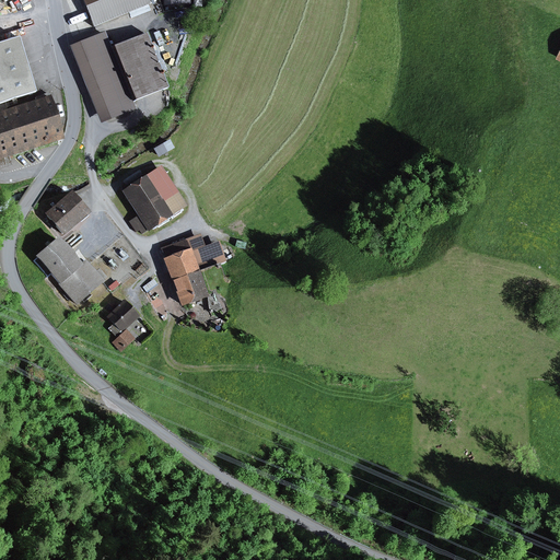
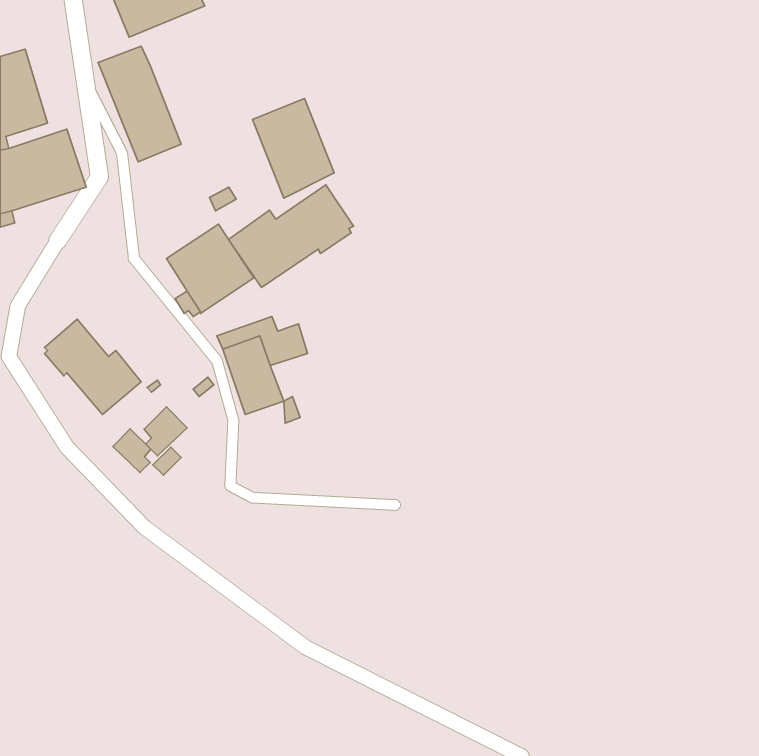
building: [110,33,171,106] -> [253,99,334,198]
building: none -> [228,185,354,287]
building: [45,190,89,233] -> none
building: none -> [113,429,151,472]

